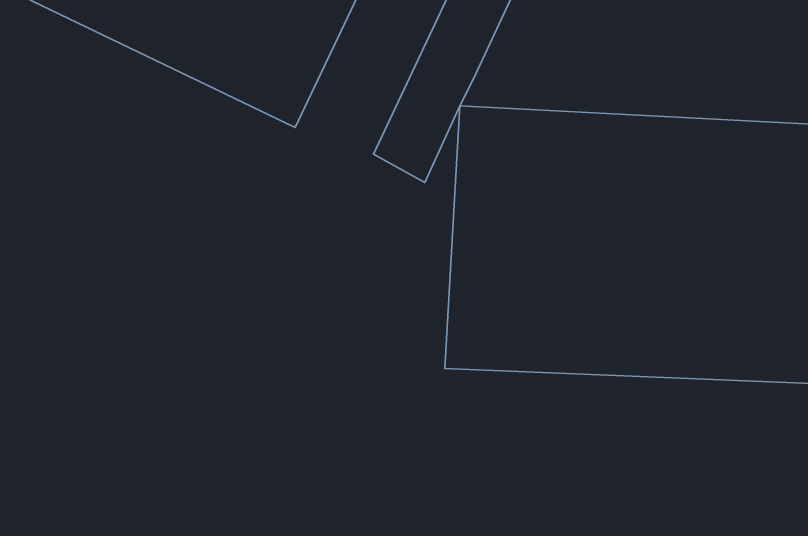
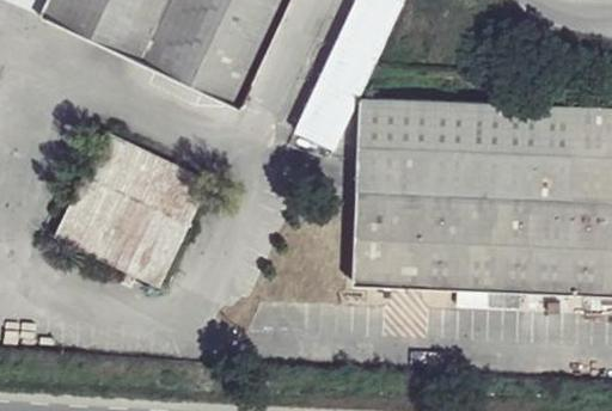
building: none -> [54,130,204,284]

